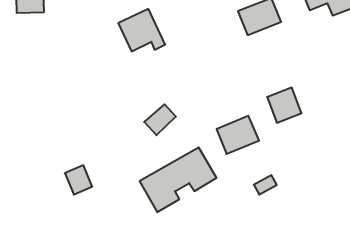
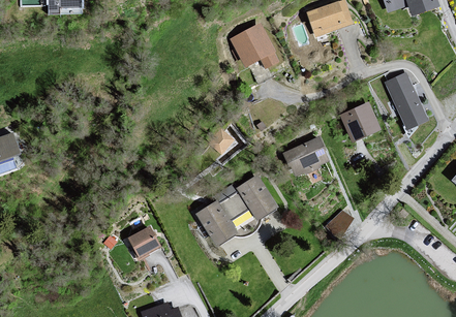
building: [118,9,165,51] -> [225,22,280,71]
building: none -> [386,69,427,124]
building: [65,165,92,195] -> [130,229,162,263]

